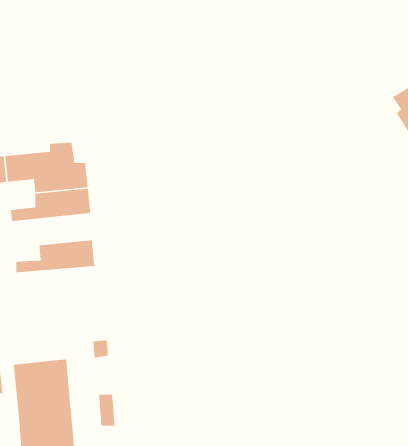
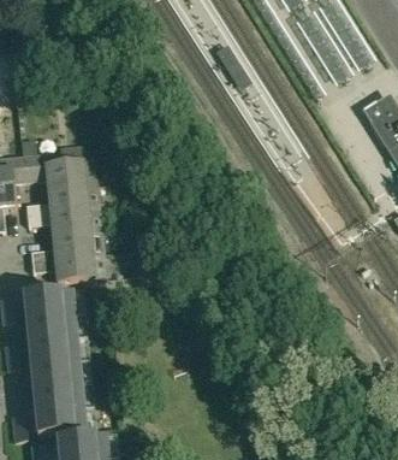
building: none -> [28,208,100,236]
building: none -> [31,255,105,284]
building: none -> [24,290,77,342]

